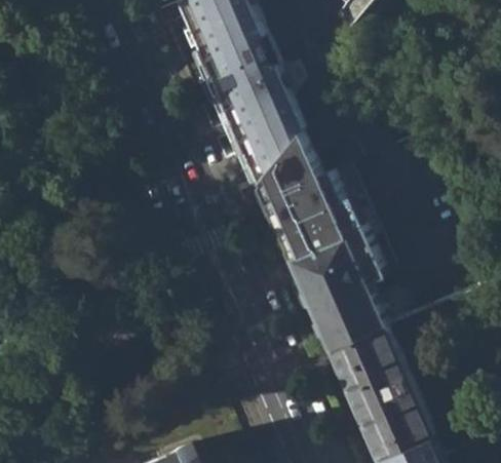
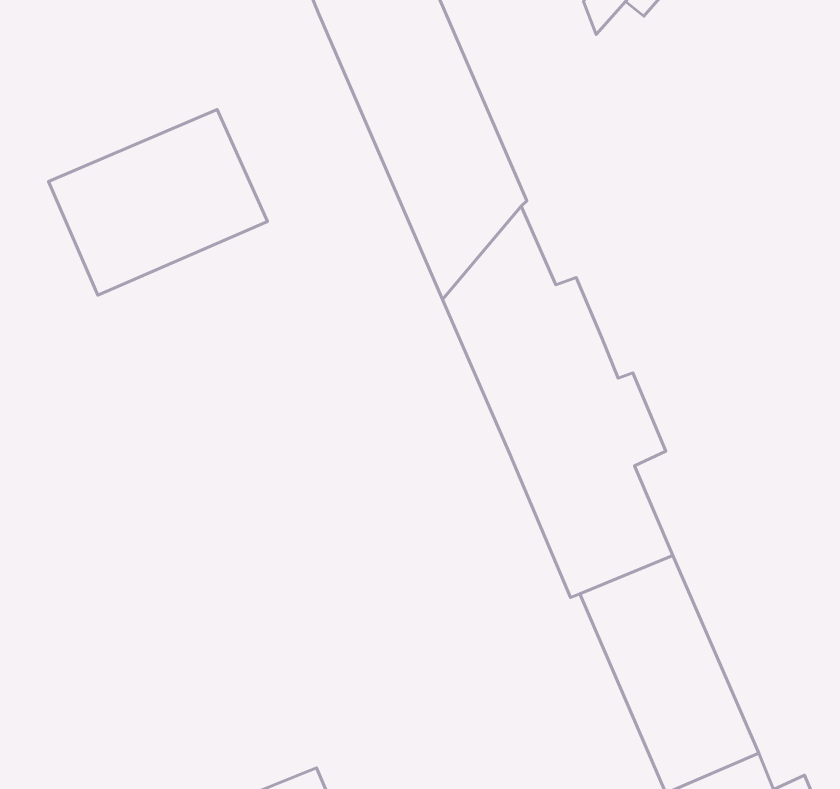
building: none -> [49,109,267,295]

